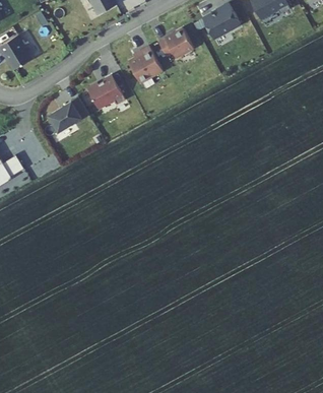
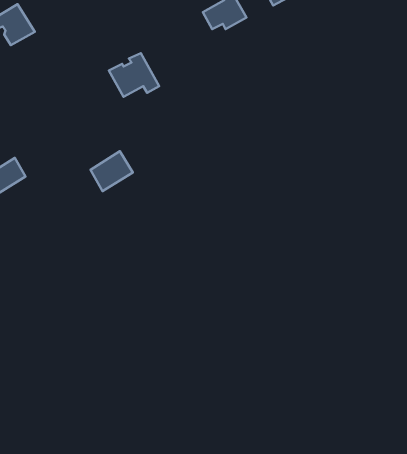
building: [128,46,164,83] -> none
building: [50,101,82,131] -> [91,151,133,191]

